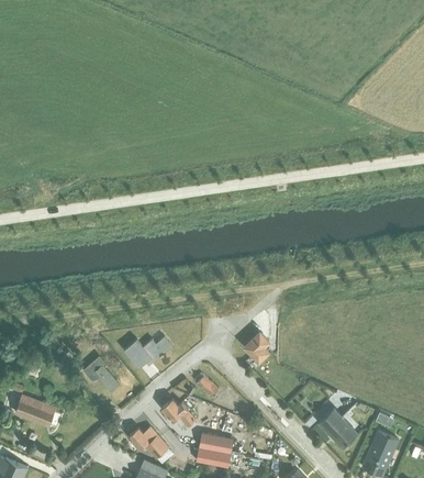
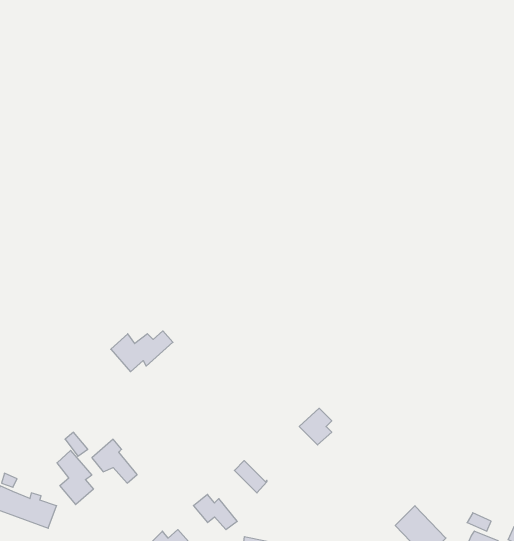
building: [123,336,171,368] -> [111,331,173,372]
building: none -> [57,450,93,505]

